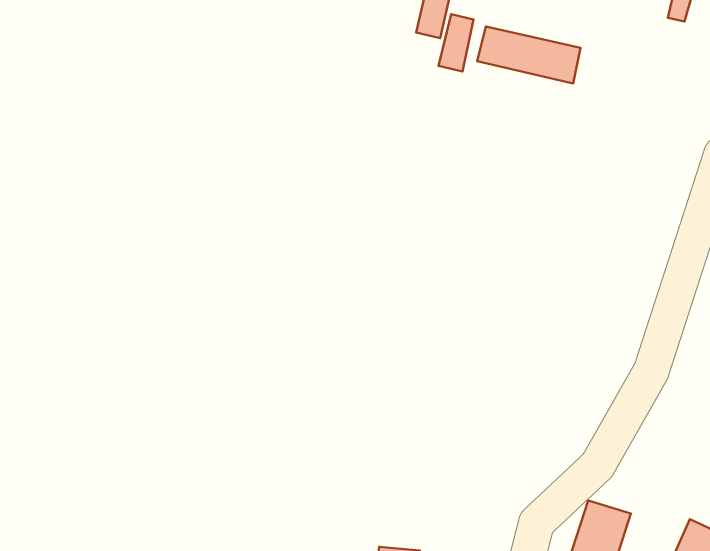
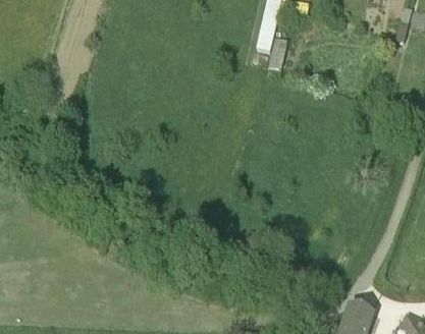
building: [477,26,580,83] -> none

